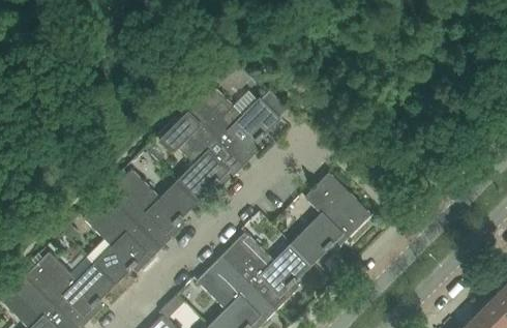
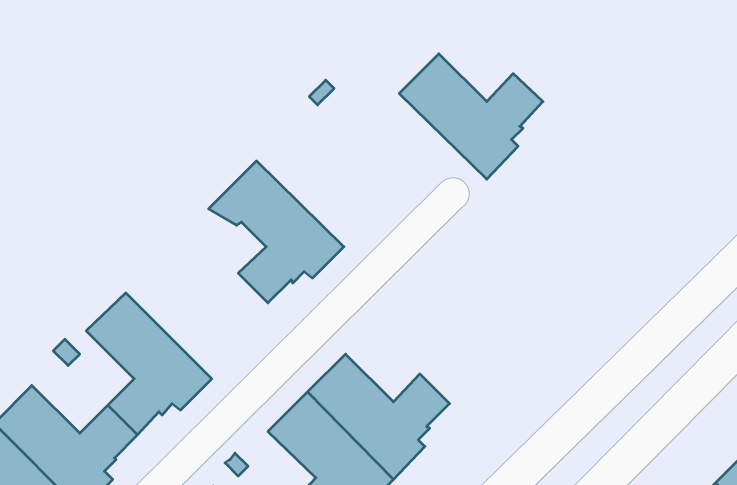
building: [189,86,279,165] -> [399,54,543,179]
building: [108,169,197,247] -> none
building: [292,172,371,263] -> none

